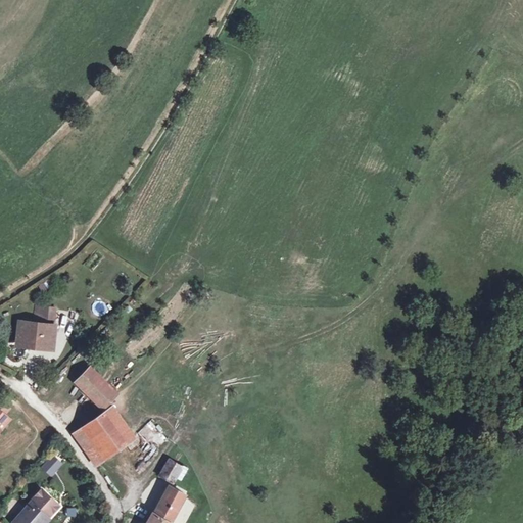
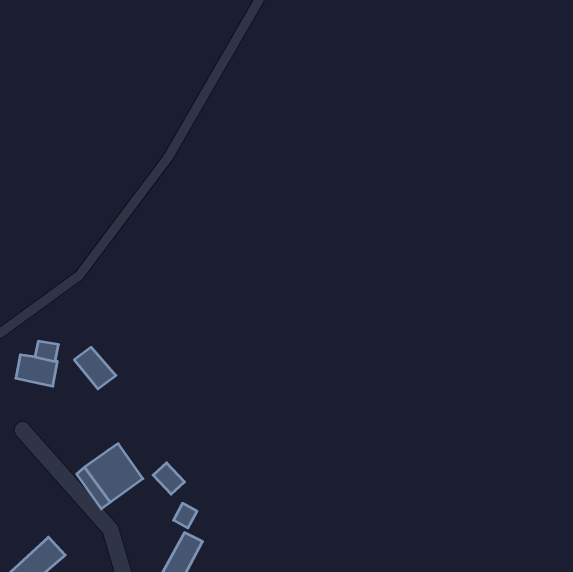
building: [73,366,110,403] -> [74,347,116,389]

